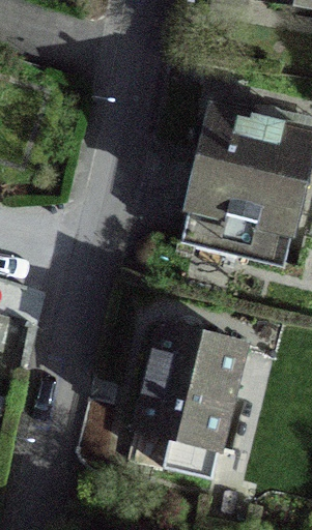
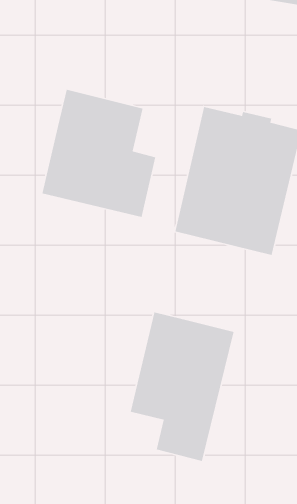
building: none -> [41,89,156,218]

